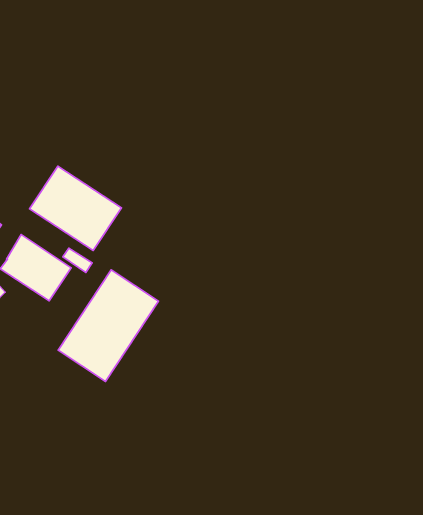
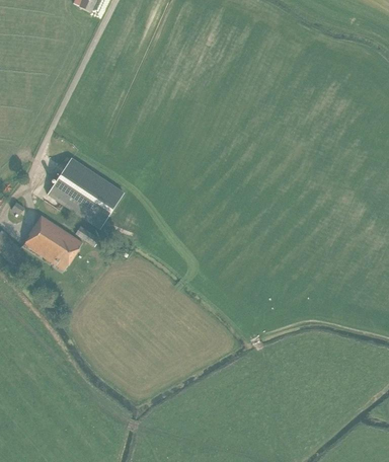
building: [58,270,159,381] -> none

